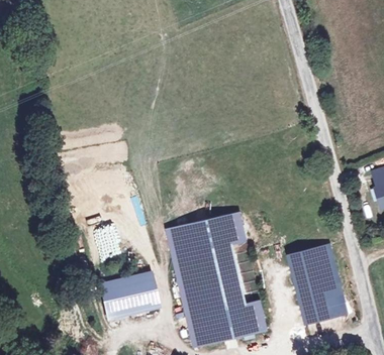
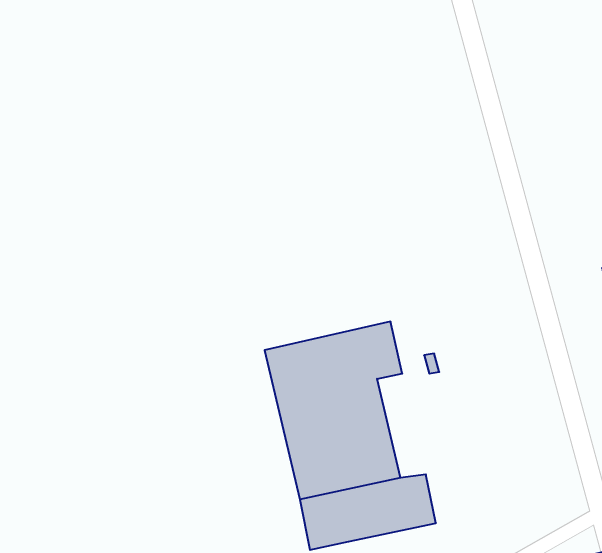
building: [287,243,348,323] -> none
building: [95,266,159,317] -> none

